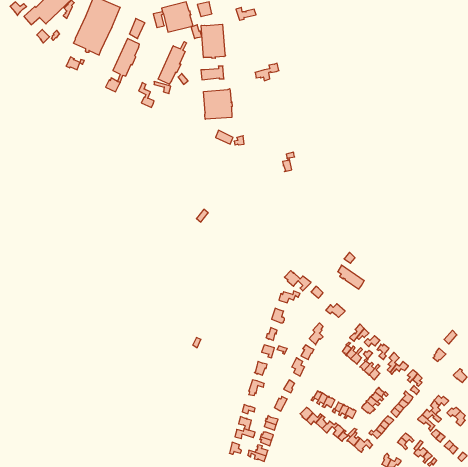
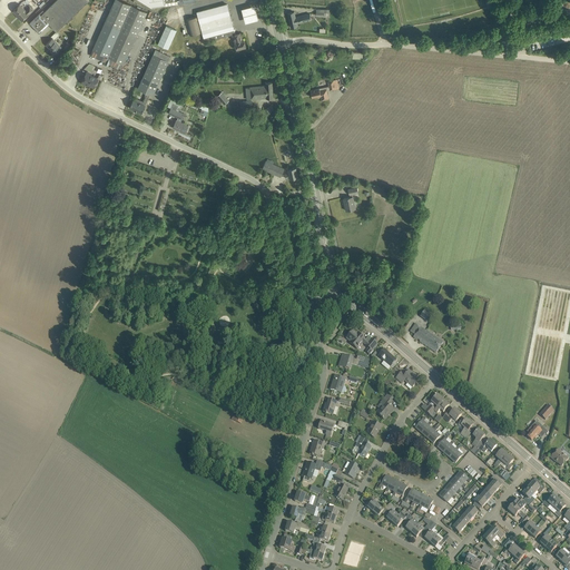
building: [201,24,225,58] -> none
building: [158,42,187,84] -> none
building: [204,89,232,119] -> none

